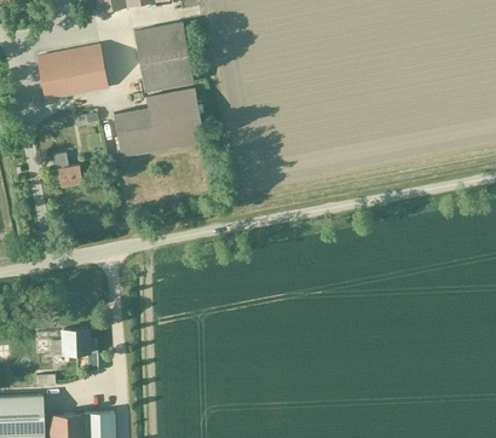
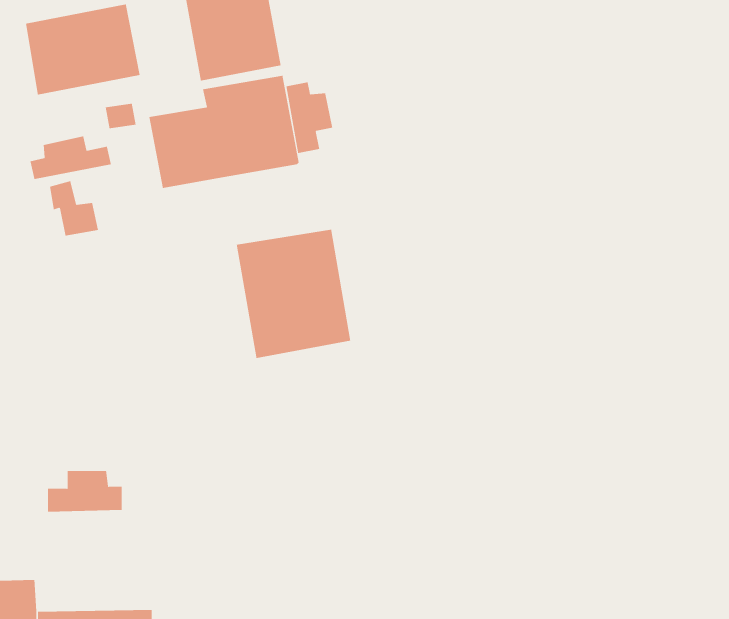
building: none -> [286,81,333,154]
building: none -> [30,136,112,180]
building: none -> [236,229,351,359]

